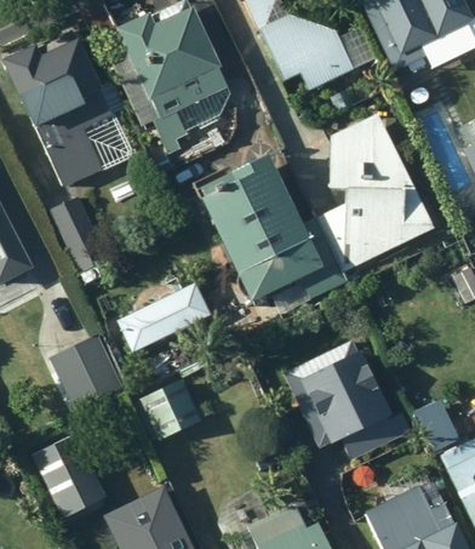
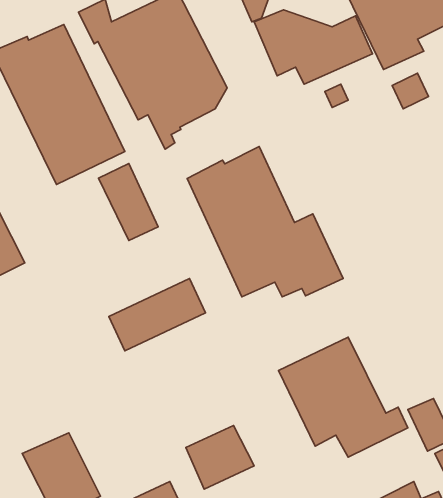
building: [320,113,434,273] -> none
building: [51,196,110,273] -> [98,163,158,240]
building: [51,334,125,412] -> none
building: [137,381,205,444] -> [186,426,254,489]

